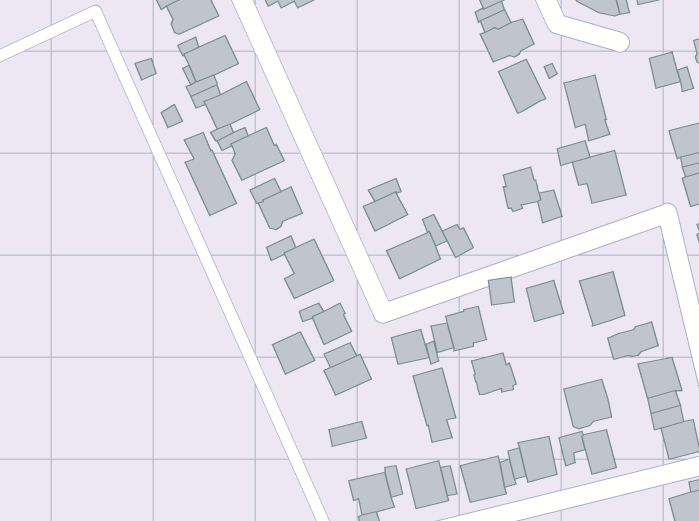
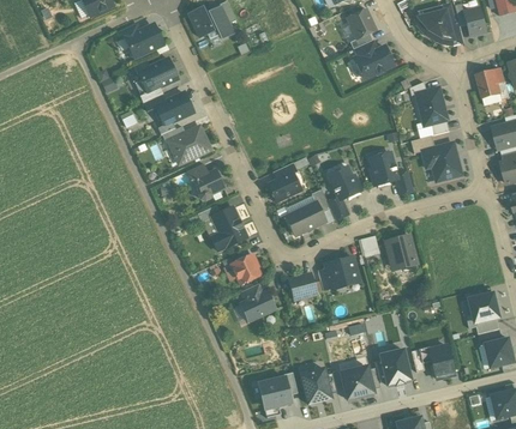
building: [498,59,545,113] -> none
building: [184,132,237,216] -> none
building: none -> [329,167,361,199]
building: [579,271,625,326] -> none
building: [608,322,658,359] -> none
building: [273,332,315,374] -> none
building: [471,353,516,395] -> none
building: [413,368,456,442] -> none
building: [564,379,611,429] -> none

